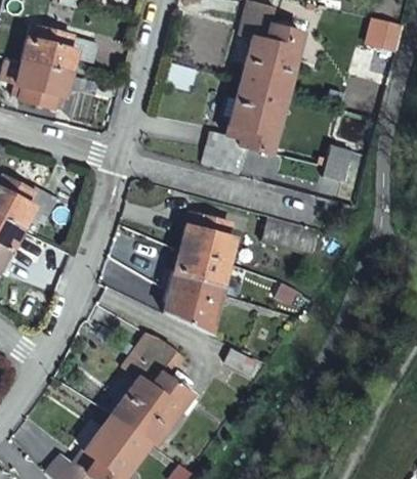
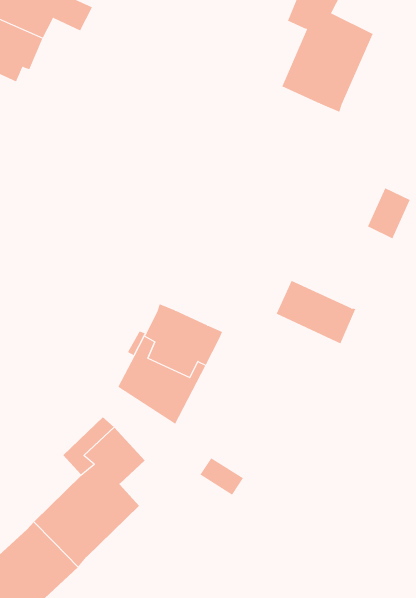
building: [206,81,288,172] -> none
building: [180,214,235,261] -> none

